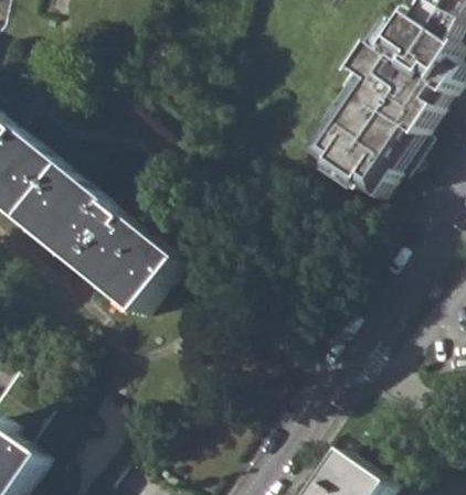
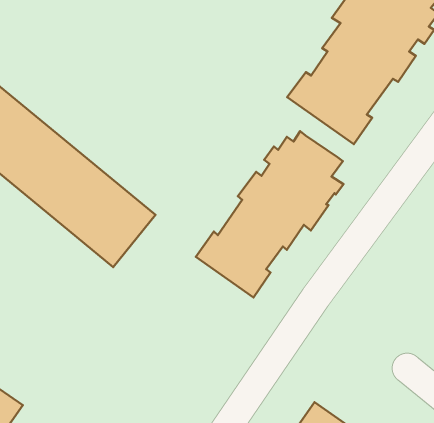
building: none -> [196,131,343,298]

